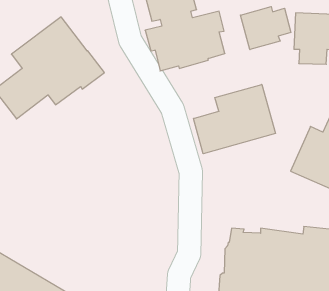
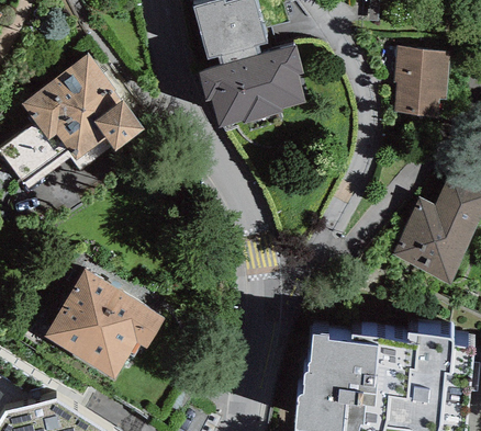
building: [240,7,291,50] -> none
building: [194,84,276,154] -> none
building: none -> [42,269,164,379]

